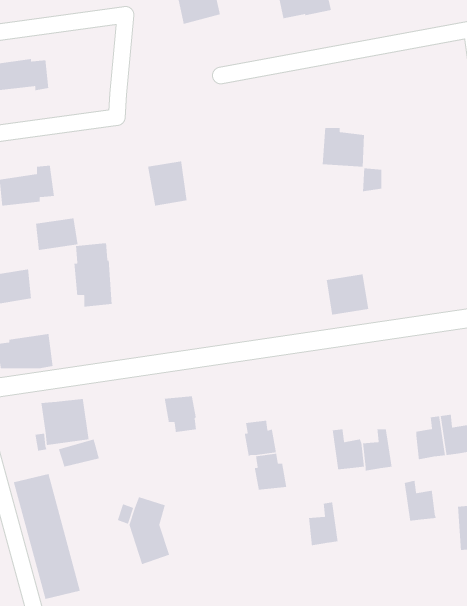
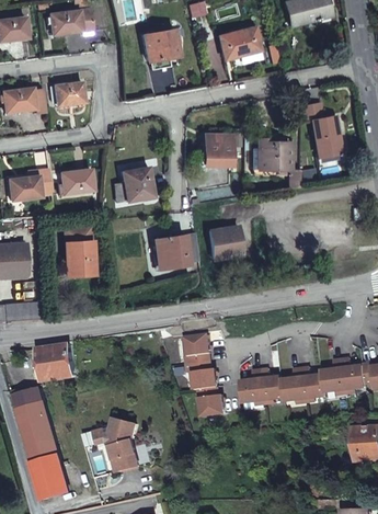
building: none -> [54,81,83,106]
building: none -> [310,117,340,158]
building: none -> [202,135,228,164]
building: [35,218,78,251] -> [58,169,91,194]
building: none -> [152,235,197,265]
building: [326,274,369,315] -> [207,227,240,259]
building: [164,395,197,433] -> [185,336,210,365]
building: [58,439,100,467] -> [13,388,45,410]
building: [404,480,437,521] -> [301,367,327,399]
building: [308,502,339,546] -> [241,370,264,404]

